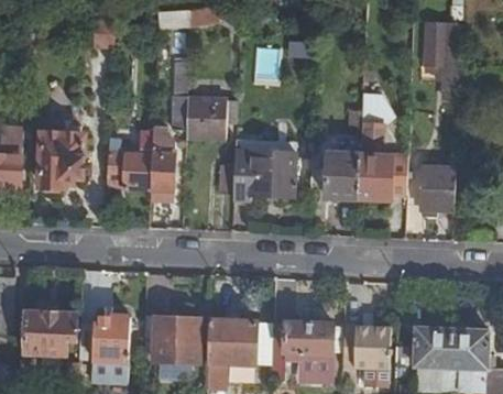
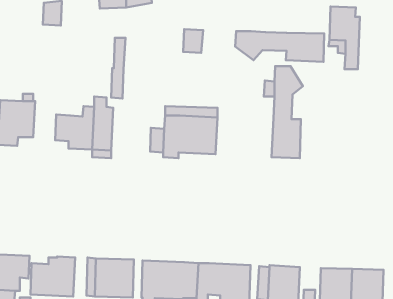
building: none -> [235,31,324,62]
building: [186,97,238,139] -> none
building: [326,153,361,199] -> none
building: [419,167,457,210] -> none

